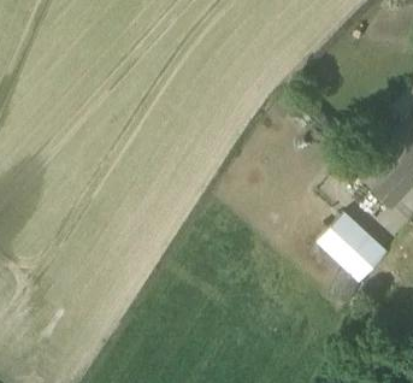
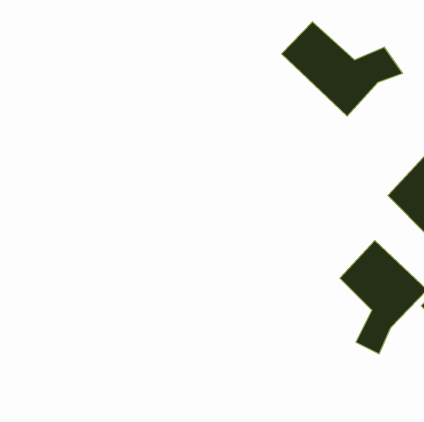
building: none -> [282,22,403,116]

